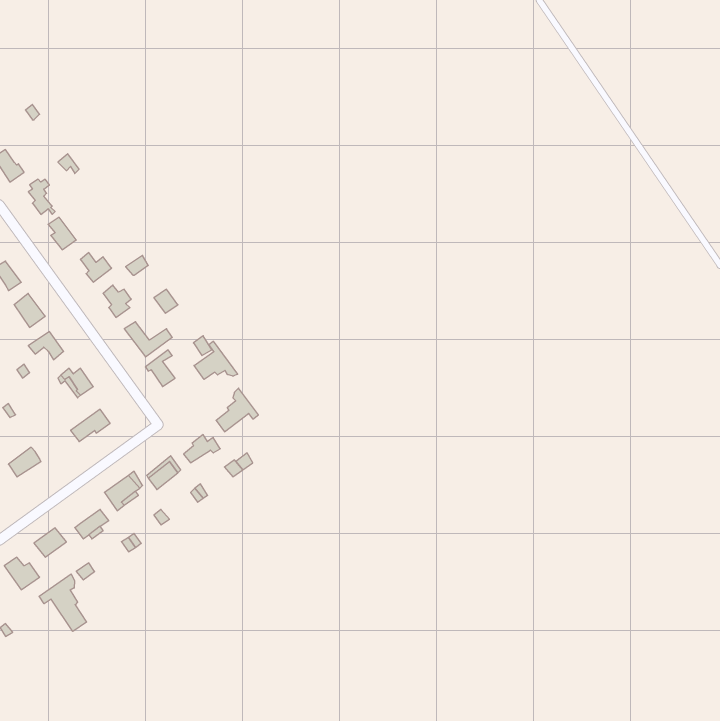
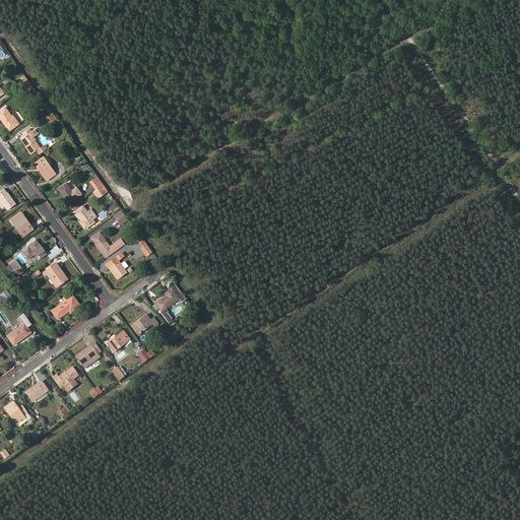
building: [194,341,238,379] -> none
building: [39,574,87,631] -> none

